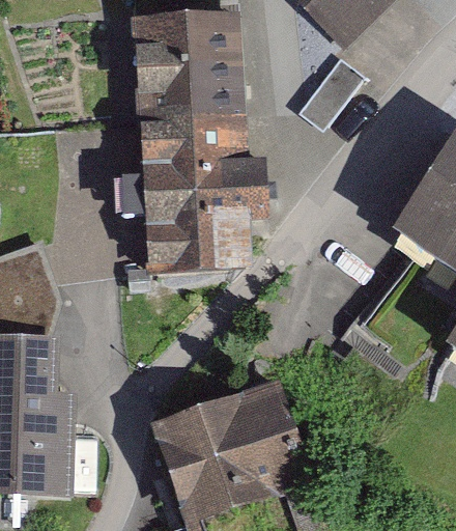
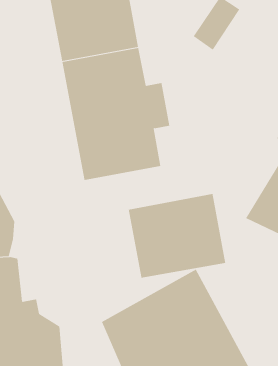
building: none -> [128,193,226,279]

